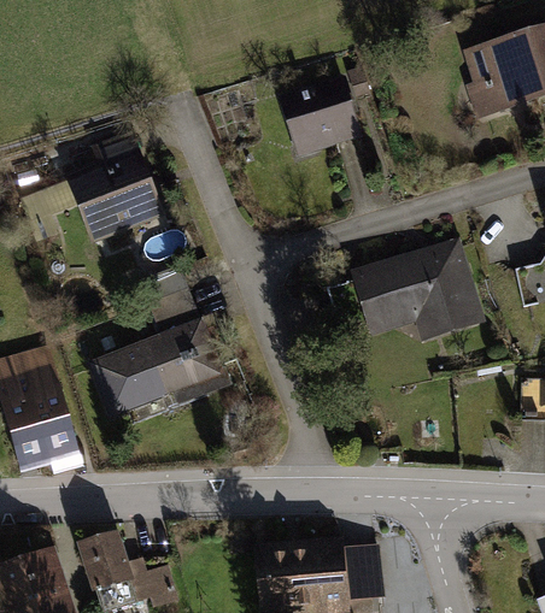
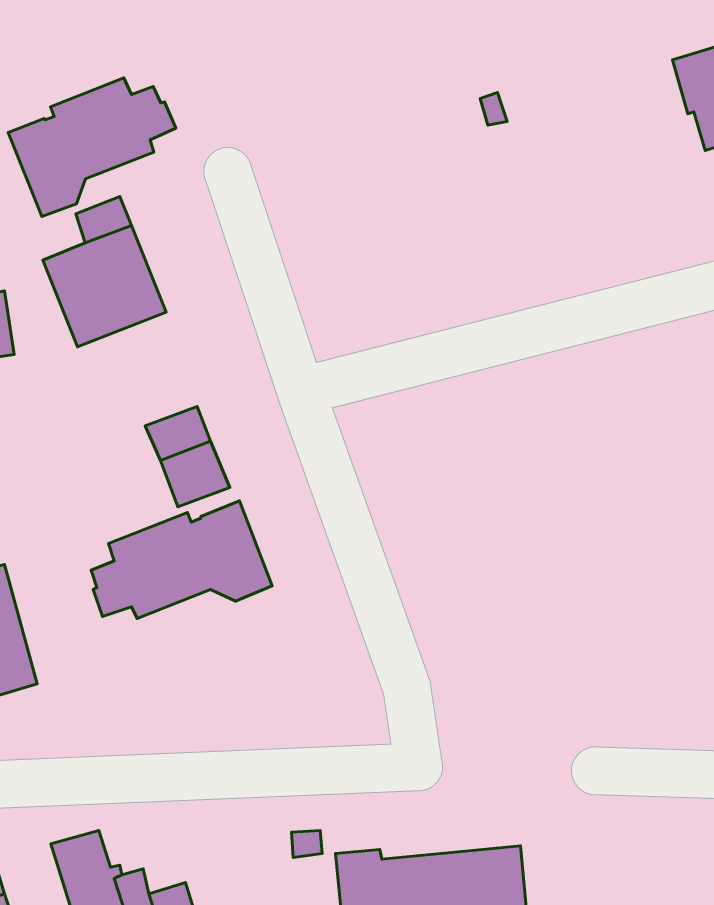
building: none -> [8,78,176,217]
building: [282,82,358,145] -> none
building: [327,249,476,330] -> none

